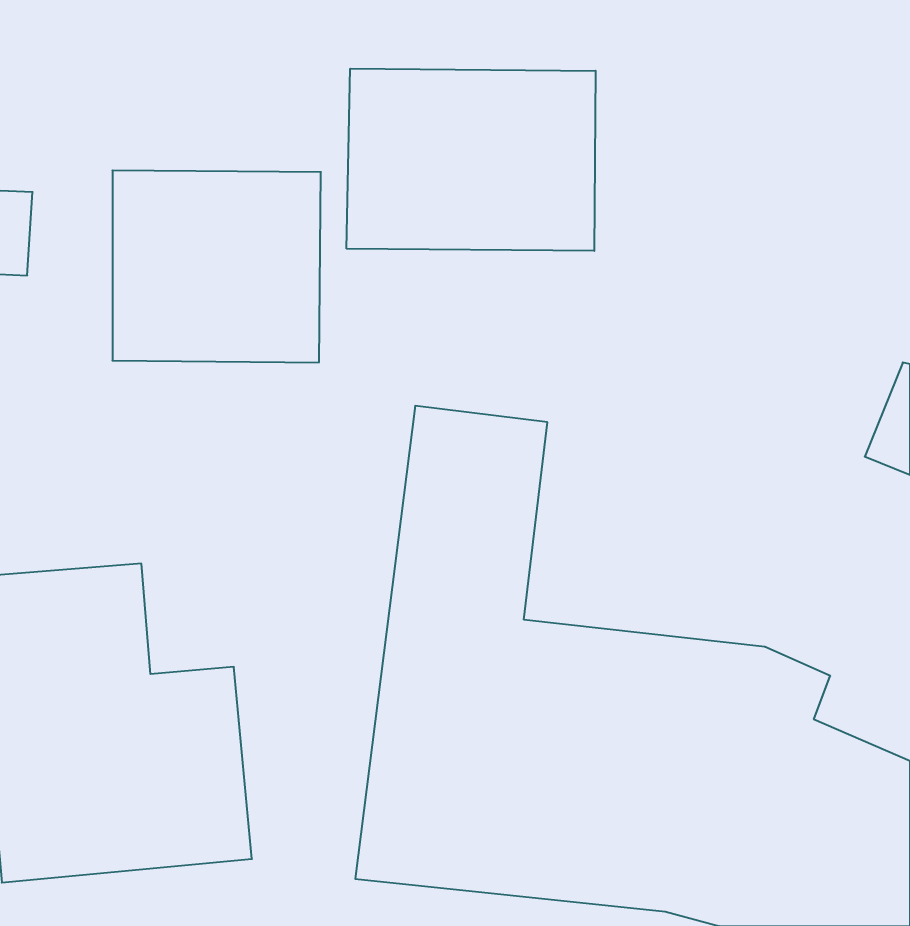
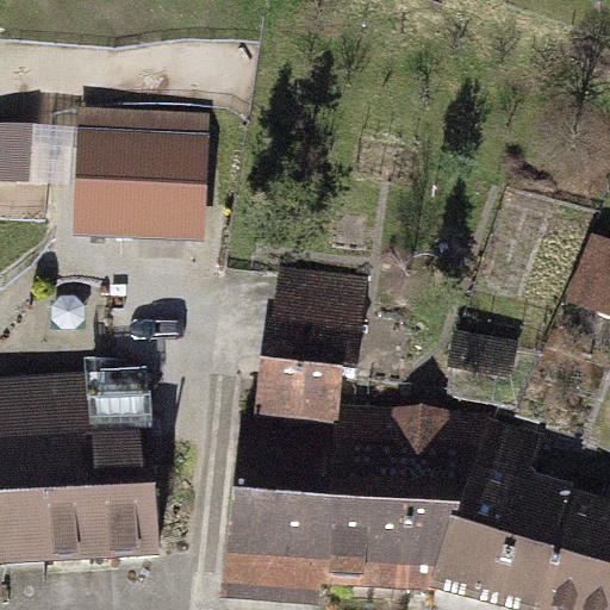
building: [347,69,596,251] -> none

